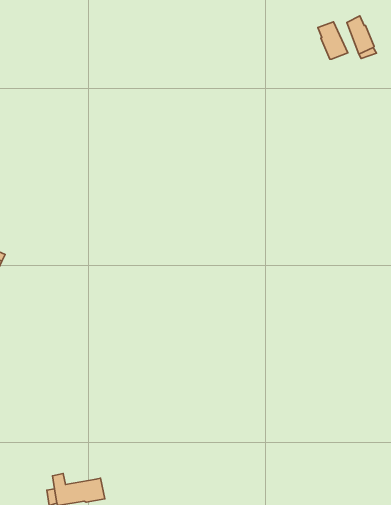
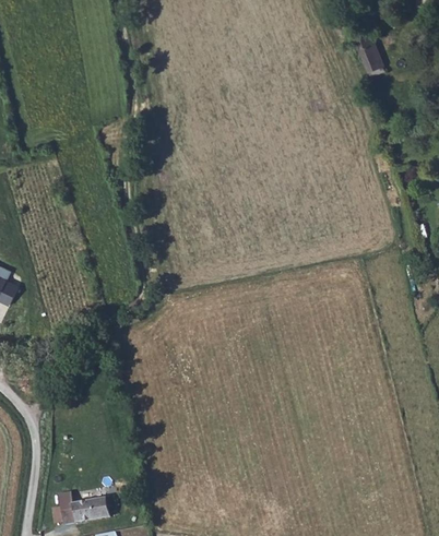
building: [318,22,348,59] -> none

